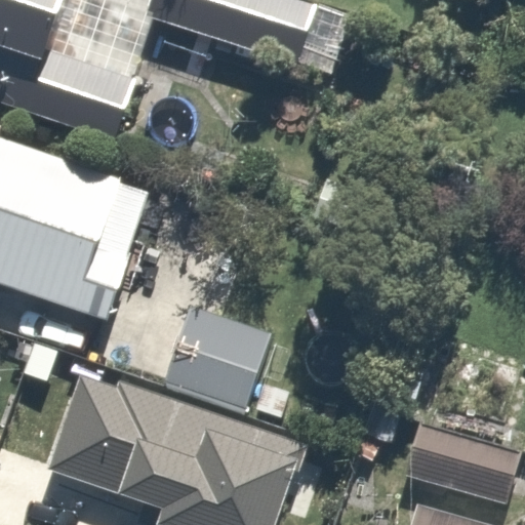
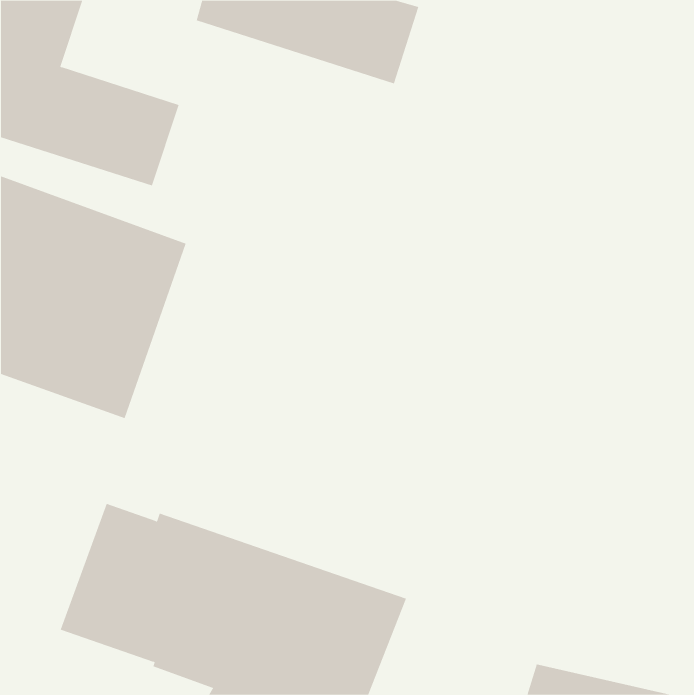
building: [159,305,275,405] -> none
building: [394,422,510,509] -> none

